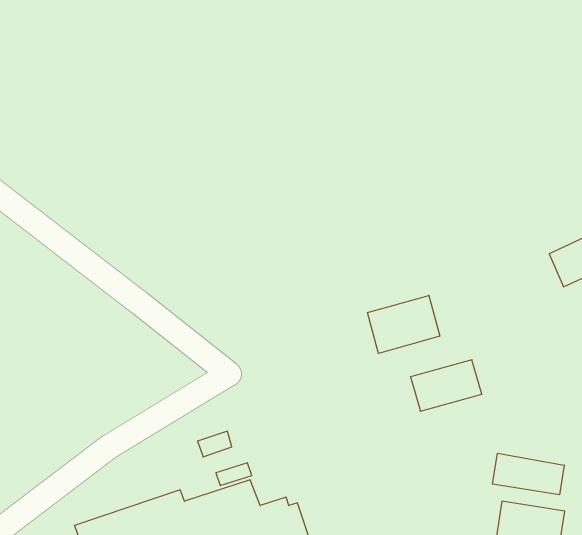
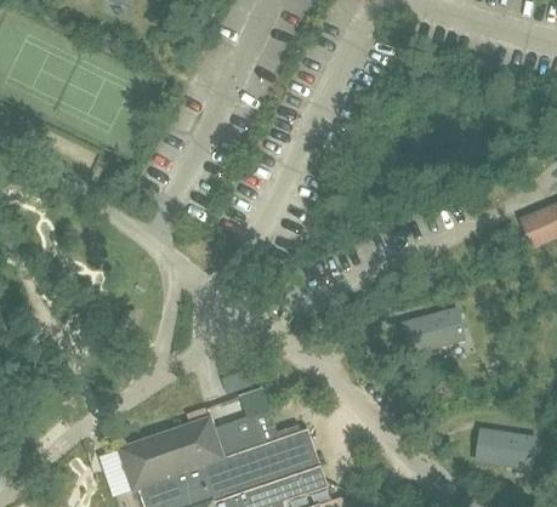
building: [367,295,440,353] -> none
building: [492,453,564,495] -> none

